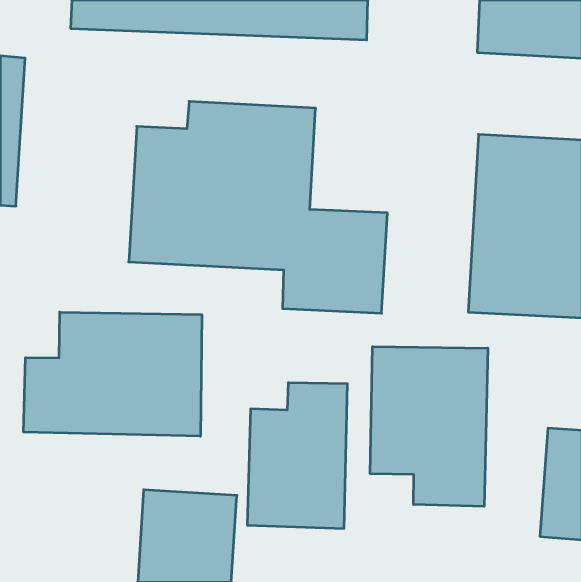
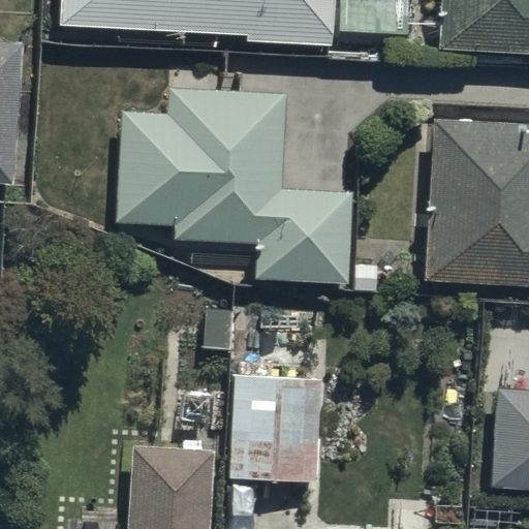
building: [24,312,202,436] -> none
building: [370,347,488,506] -> none

